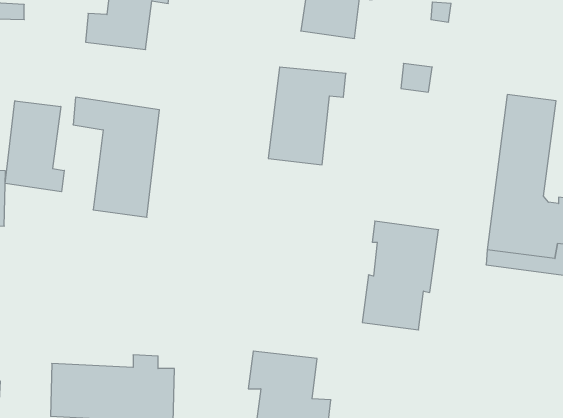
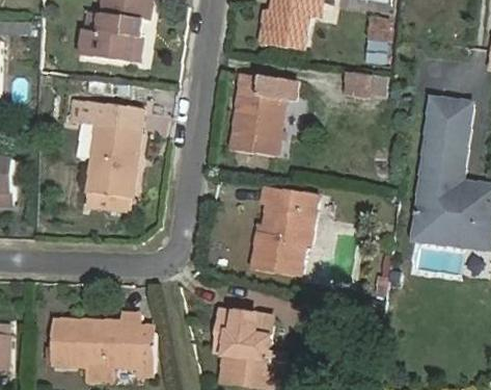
building: [5,101,64,192] -> none
building: [362,221,439,330] -> [252,185,316,276]

